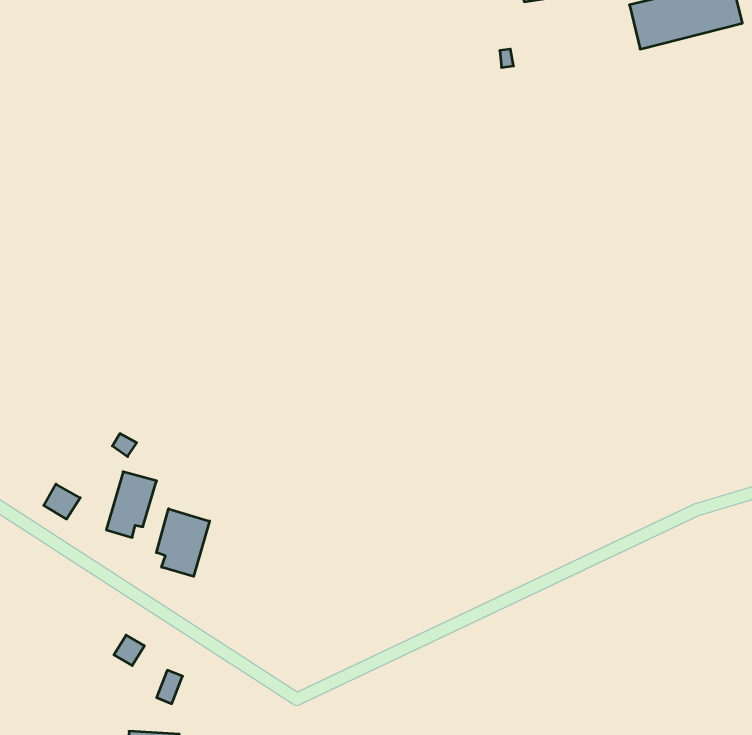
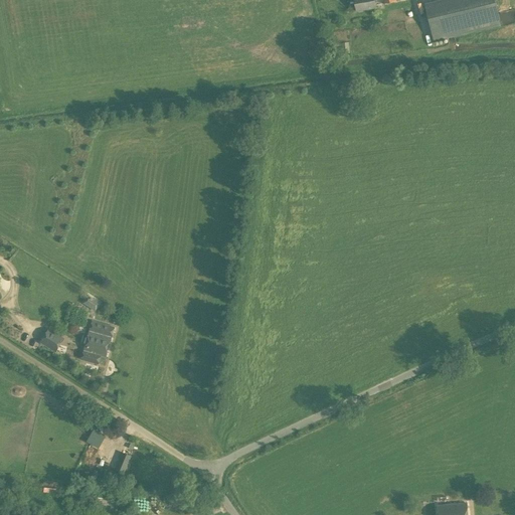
building: [156,509,210,576] -> none

